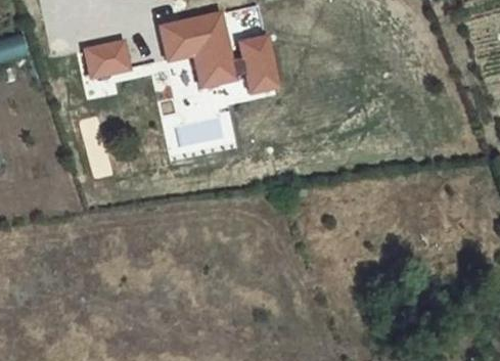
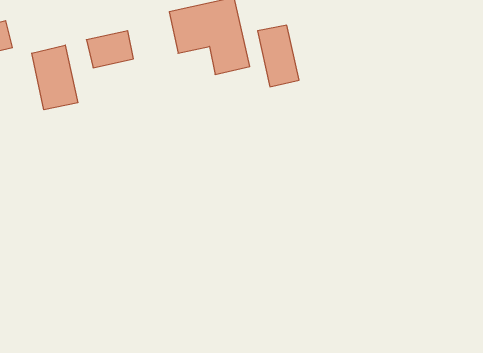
building: none -> [32,45,78,110]

